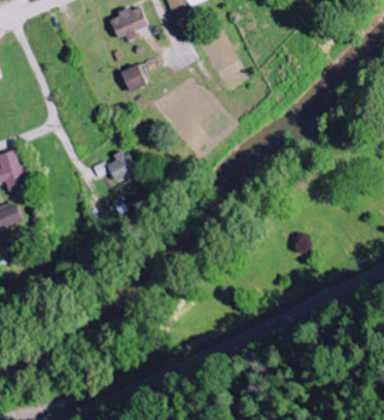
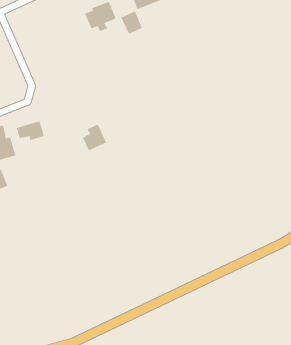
building: [121,64,147,92] -> [121,11,143,34]
building: none -> [16,121,44,141]

